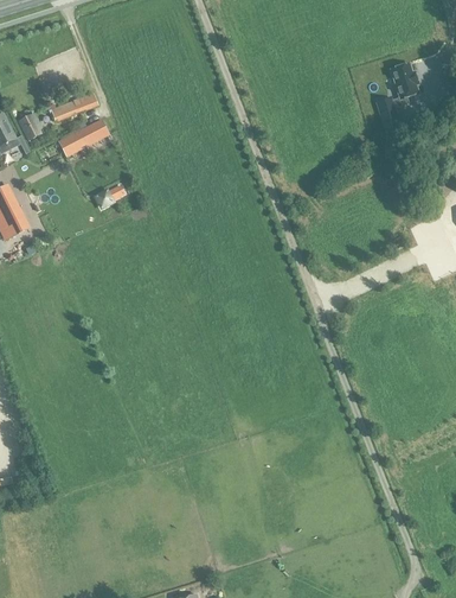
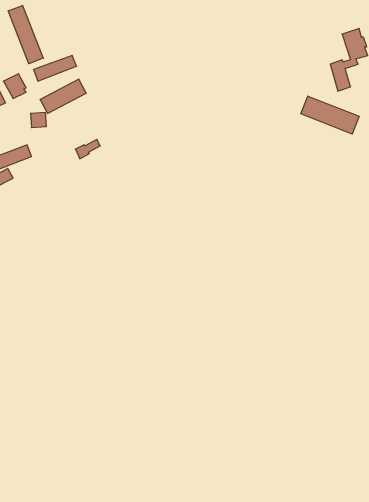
building: none -> [8,5,43,64]
building: none -> [301,96,359,134]

